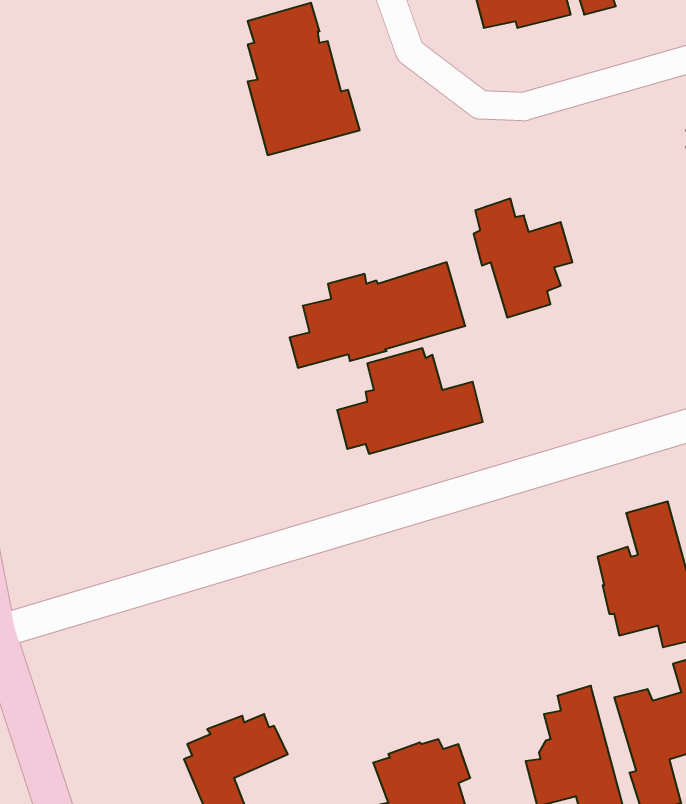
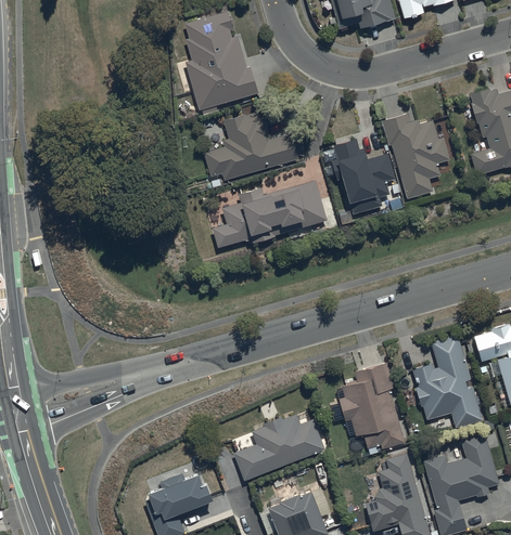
building: none -> [381,114,450,198]
building: [337,348,483,454] -> [204,112,298,180]
building: none -> [338,362,405,449]
building: none -> [233,414,324,481]

